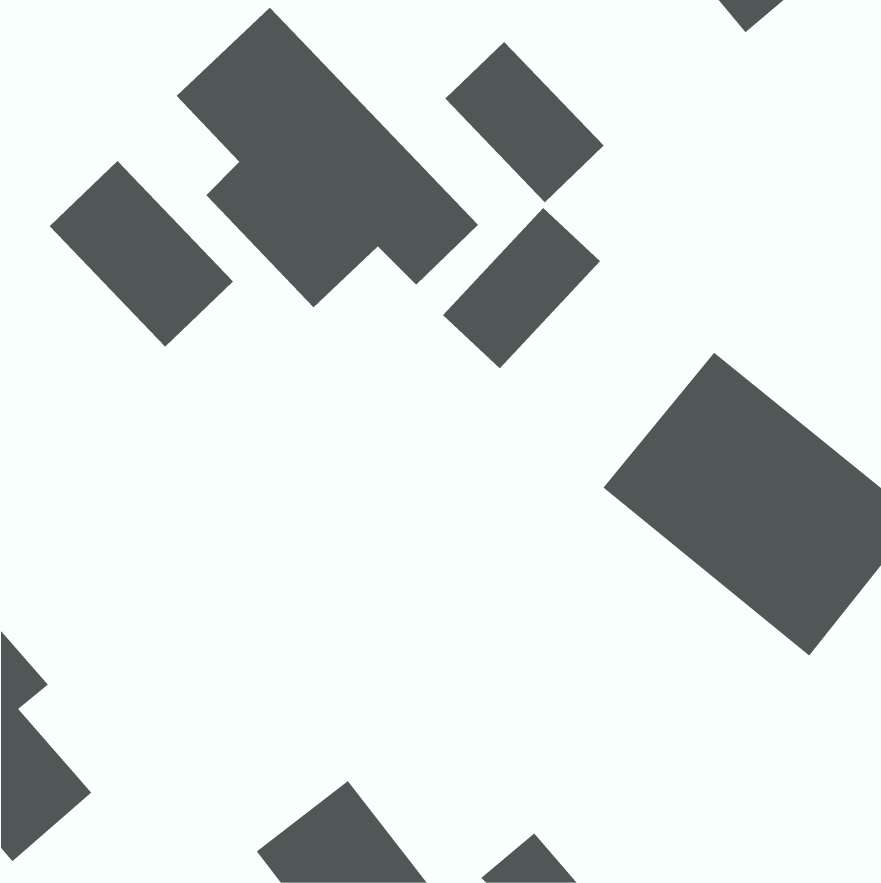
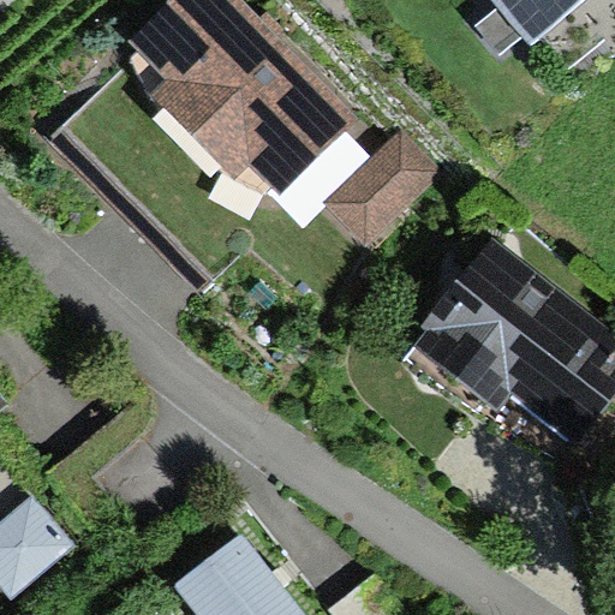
building: [445,41,605,203] -> none
building: [49,160,234,347] -> none

